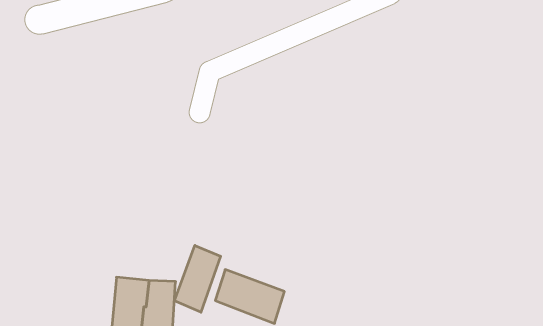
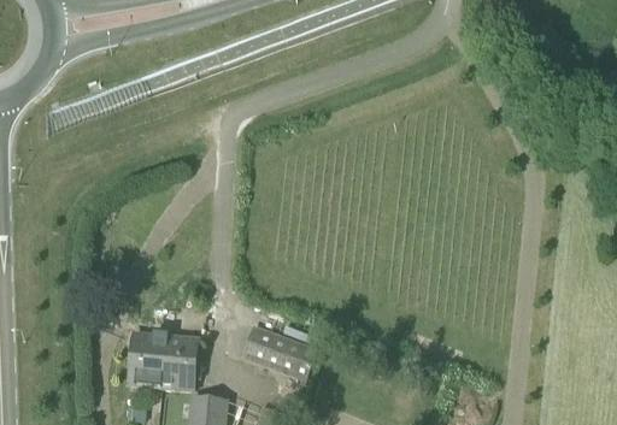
building: [174,245,221,312] -> none

